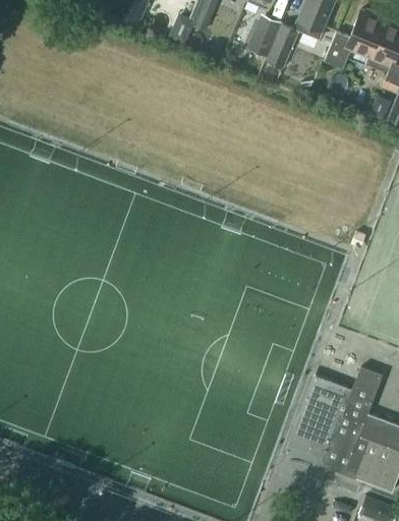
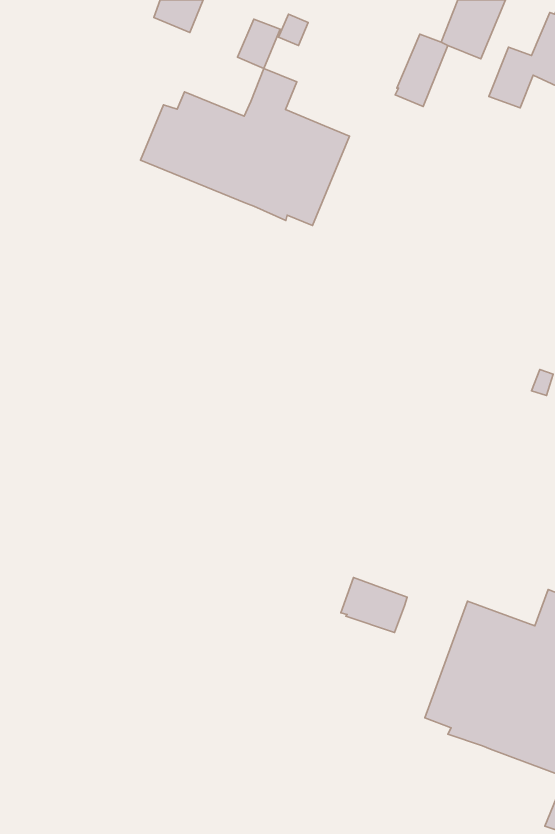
building: [250,16,281,57] -> none
building: none -> [140,69,350,225]
building: none -> [341,578,407,633]

